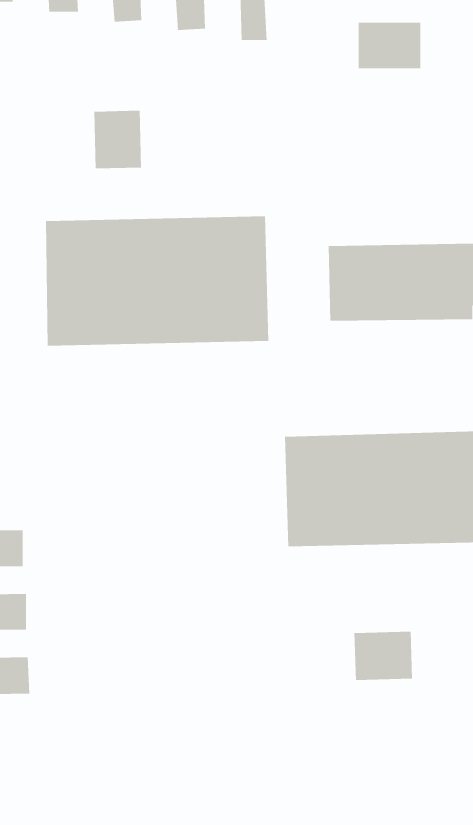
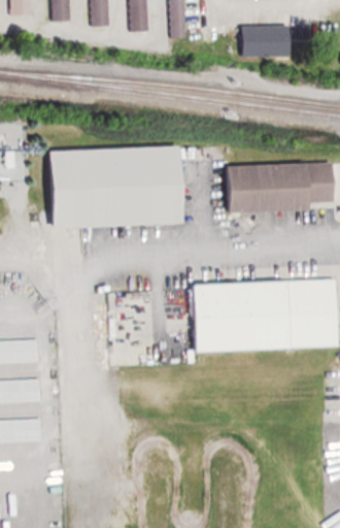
building: [94,110,142,169] -> none
building: [354,631,413,681] -> none

